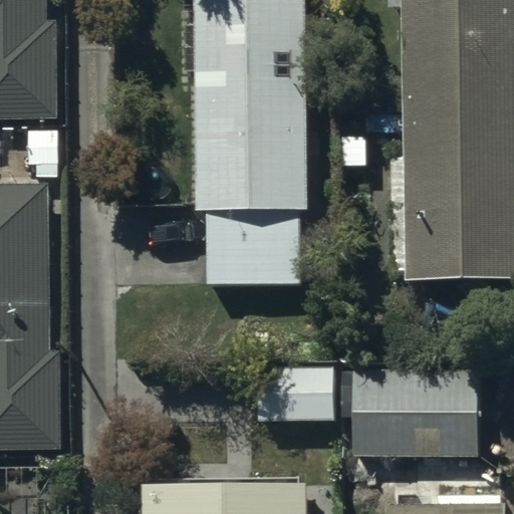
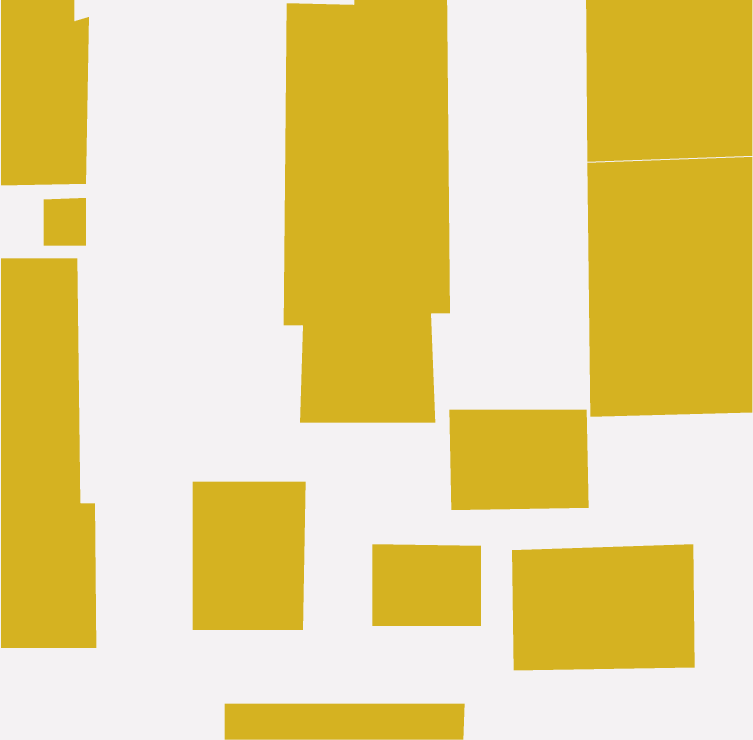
building: none -> [449,409,589,511]
building: none -> [192,481,306,631]

